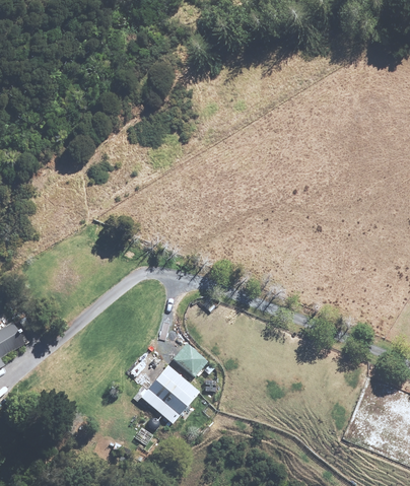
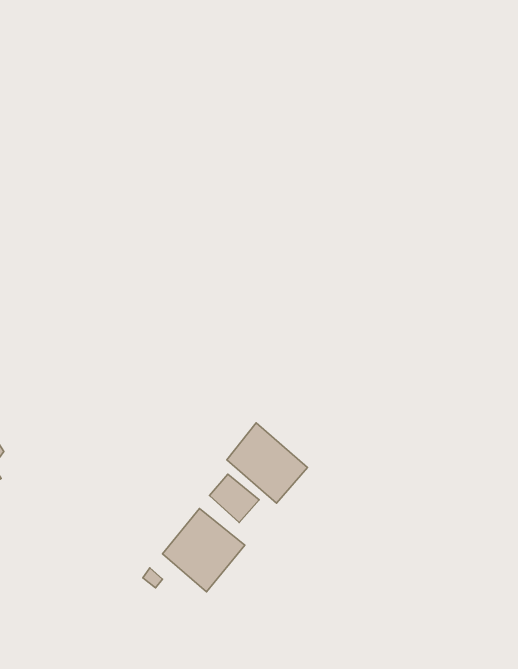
building: none -> [227,423,308,503]

